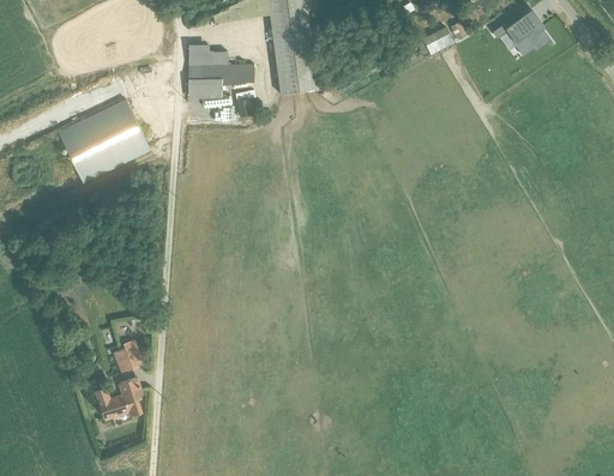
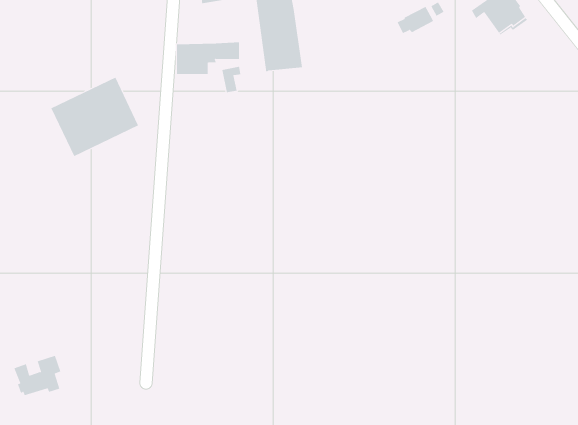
building: [188,43,229,65] -> none
building: [113,338,143,372] -> none
building: [94,376,143,418] -> [14,355,61,396]

